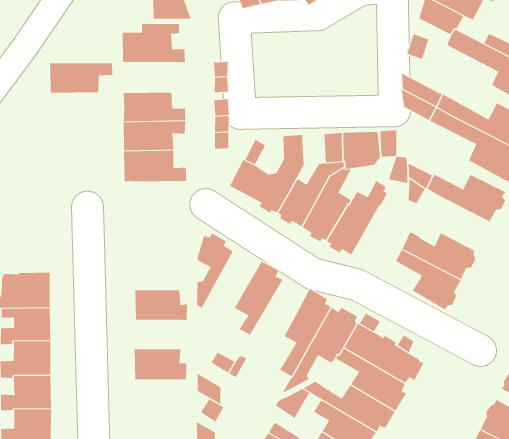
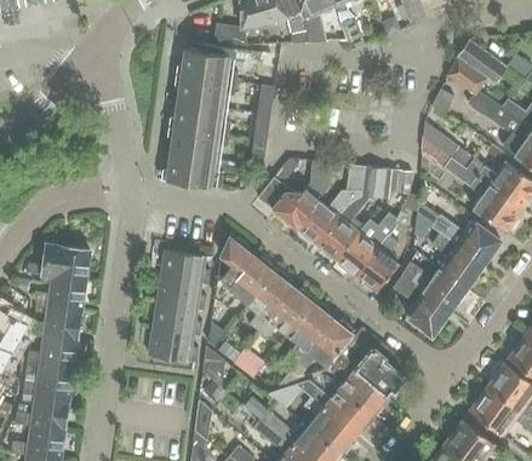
building: [49,63,113,93] -> [177,75,236,108]
building: none -> [430,232,482,287]
building: none -> [356,235,399,290]
building: none -> [218,255,276,307]
building: none -> [161,249,210,284]
building: none -> [257,287,315,339]
building: none -> [153,302,201,336]

